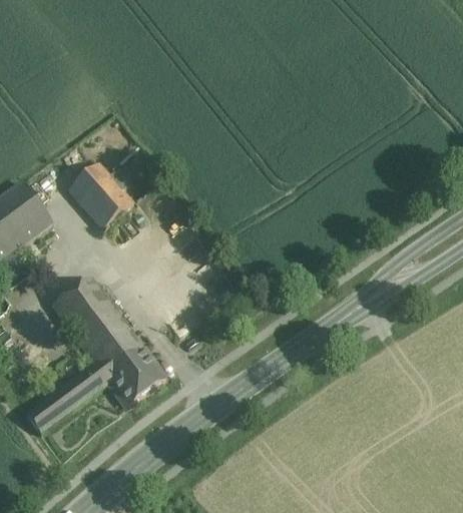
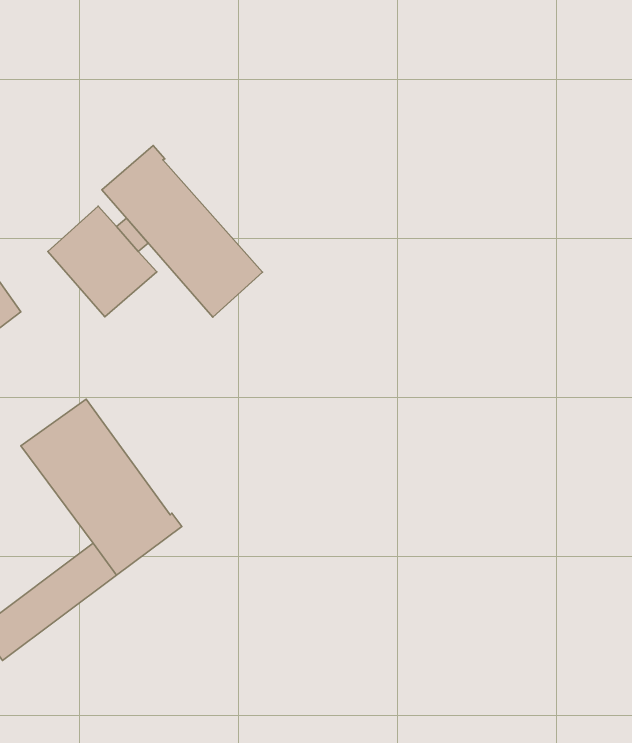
building: none -> [102,146,262,317]
building: [109,352,165,404] -> none

